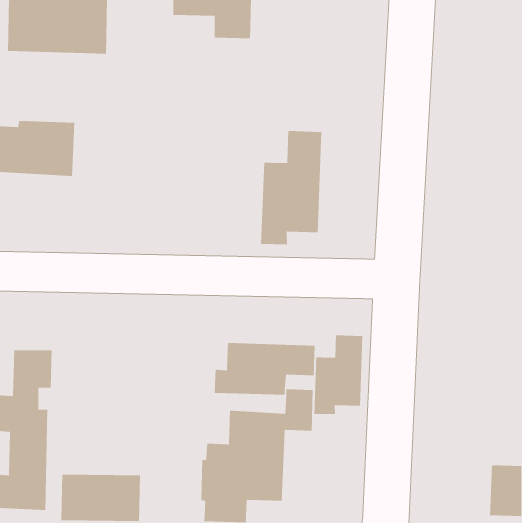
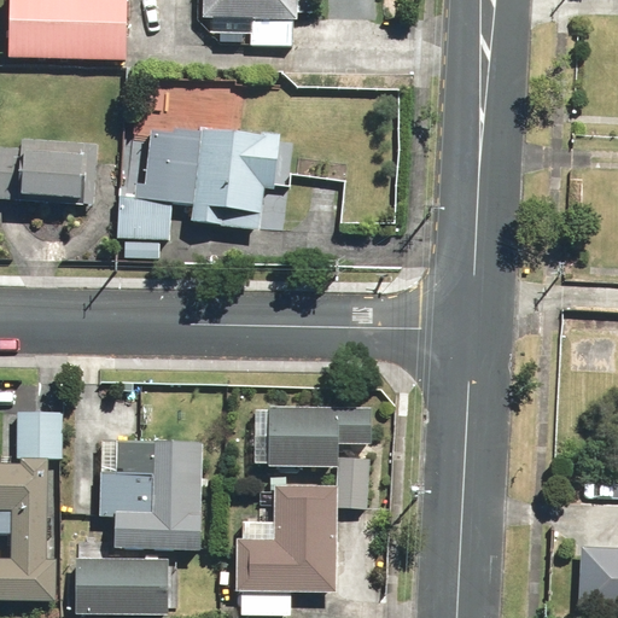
building: none -> [118,129,286,260]
building: [260,130,322,245] -> none
building: [313,335,363,415] -> none
building: none -> [99,441,200,548]

